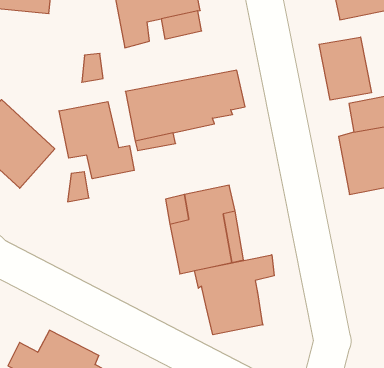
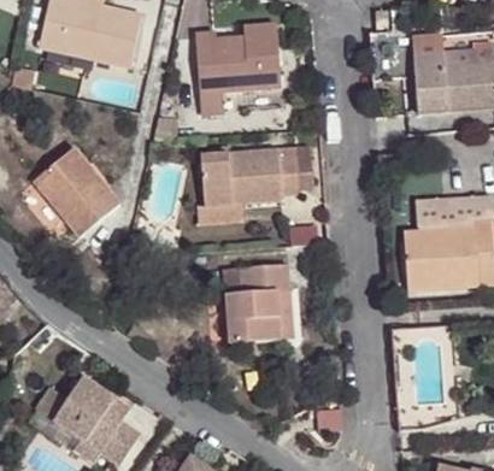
building: [319,37,371,100] -> none
building: [59,102,134,179] -> none
building: [195,255,274,335] -> none

